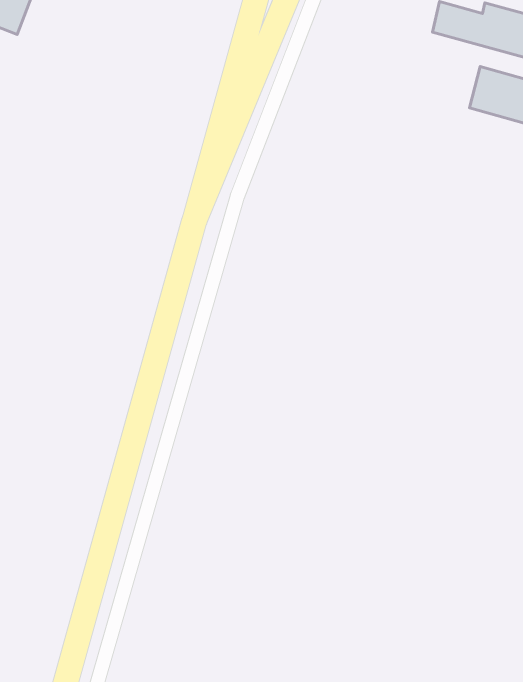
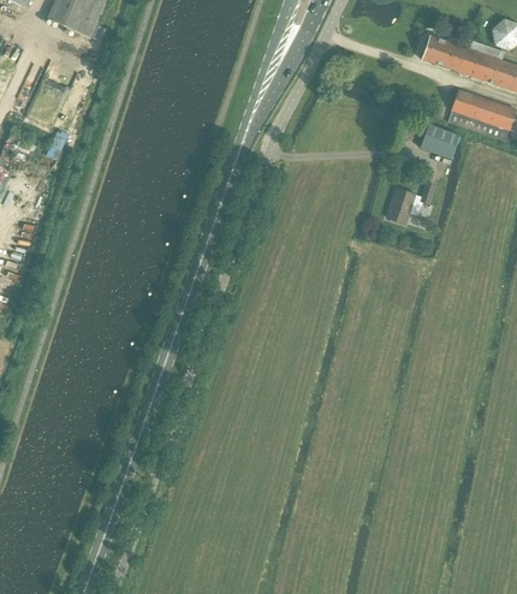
building: none -> [420,124,448,155]
building: none -> [387,183,434,224]

